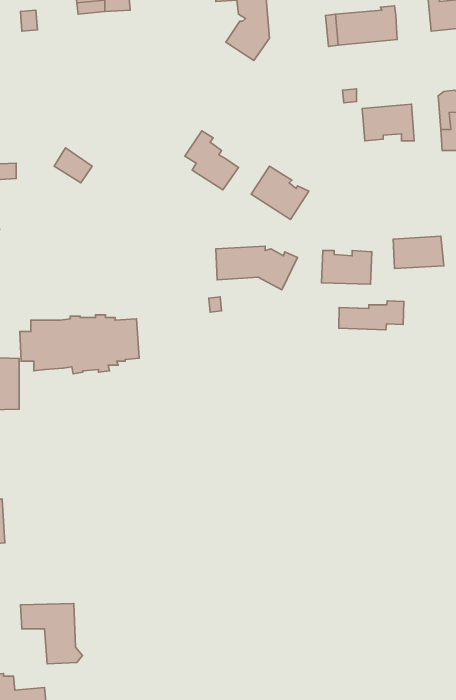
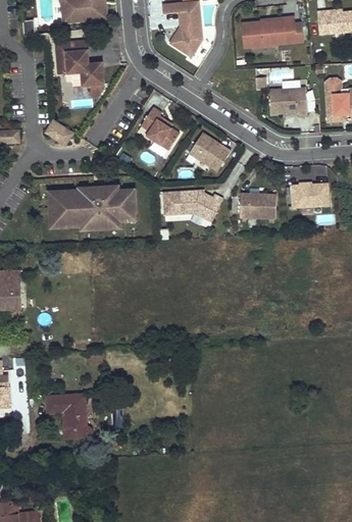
building: none -> [56,41,104,97]
building: [339,301,404,330] -> none
building: [20,315,139,374] -> [49,187,136,229]
building: [21,603,82,664] -> [45,395,90,438]

